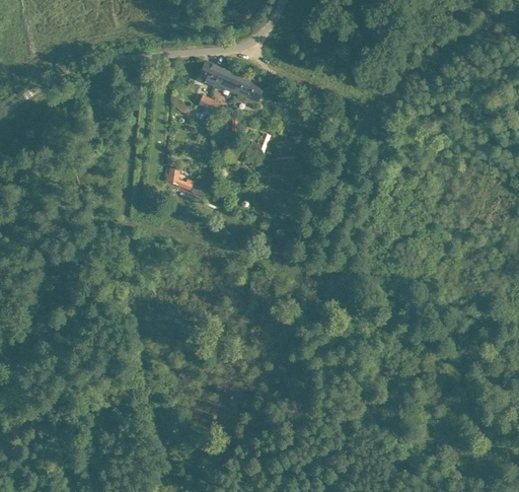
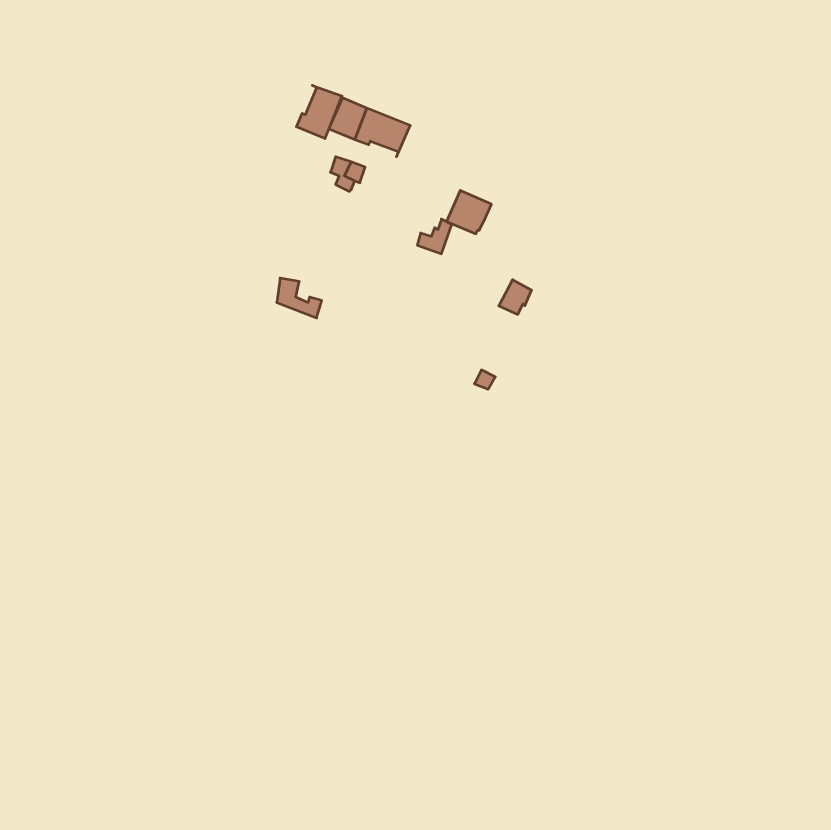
building: none -> [296,85,342,139]
building: [237,78,264,103] -> [446,190,491,234]

